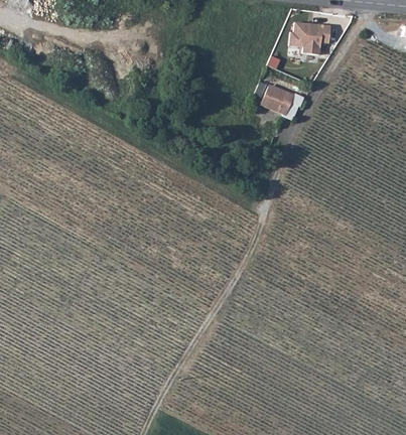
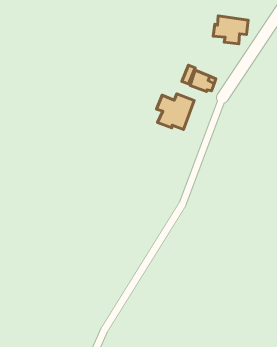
building: none -> [156,94,194,130]

